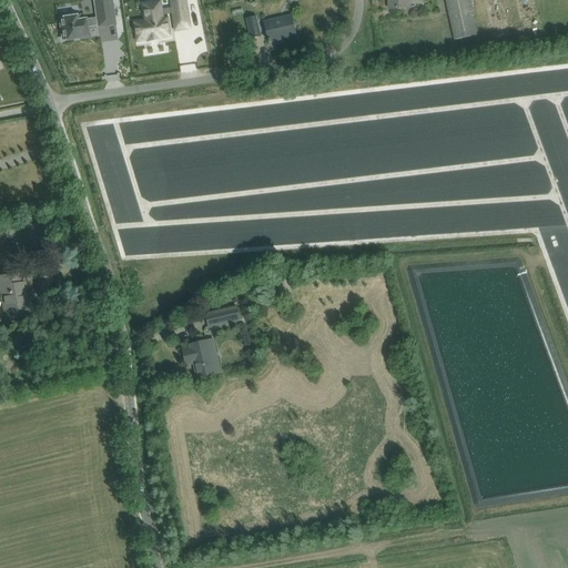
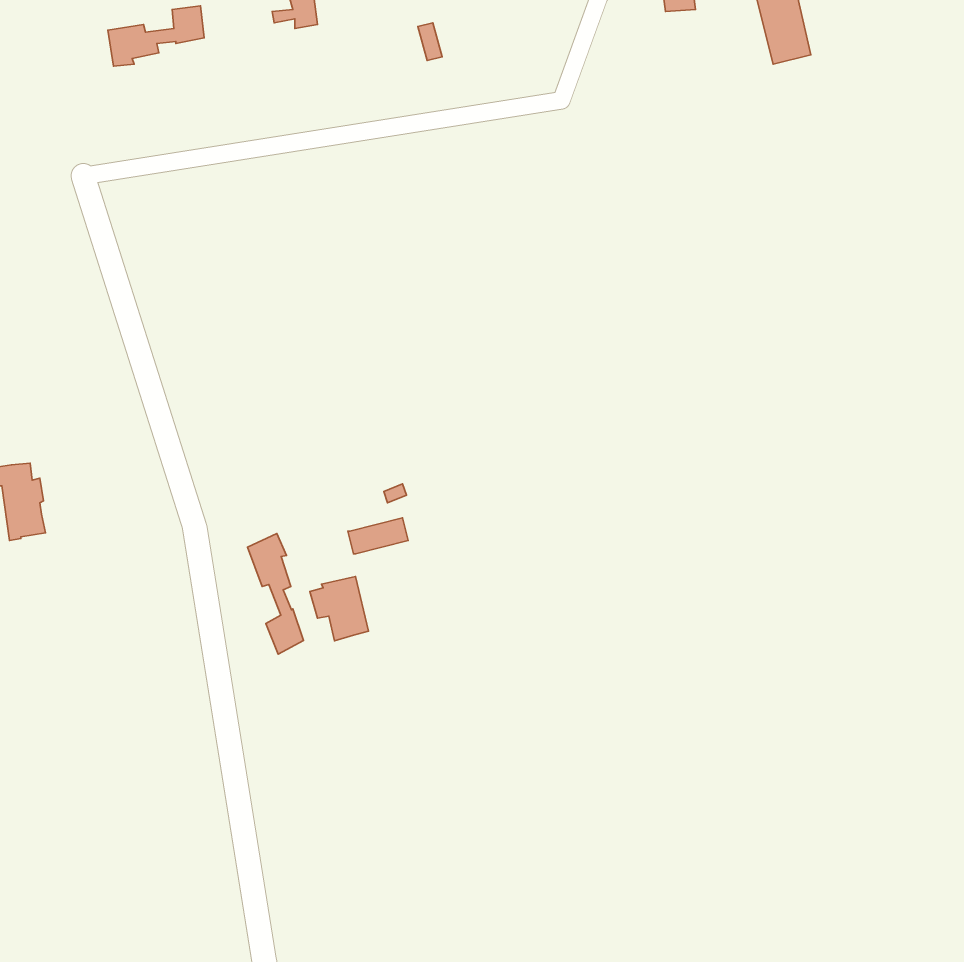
building: [134,7,169,39] -> none
building: [264,13,295,41] -> none
building: none -> [248,533,304,654]

